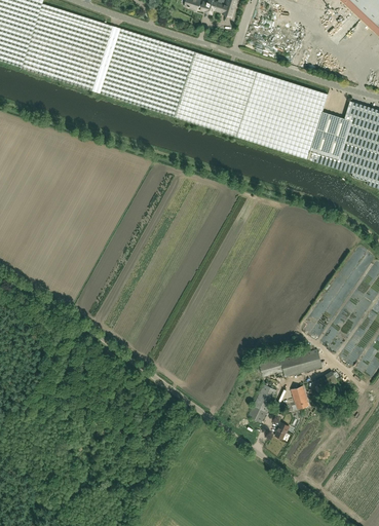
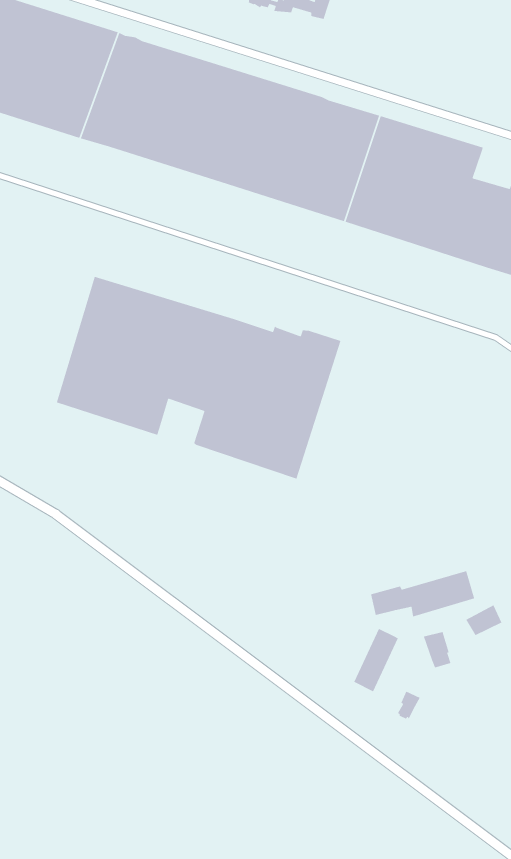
building: none -> [56,276,341,480]

